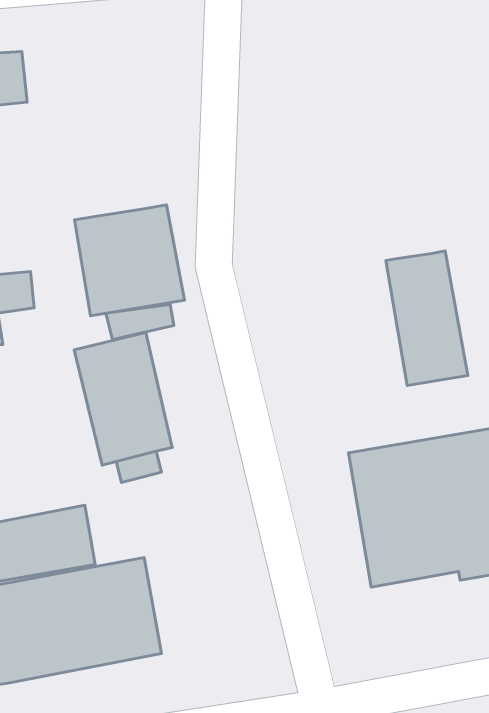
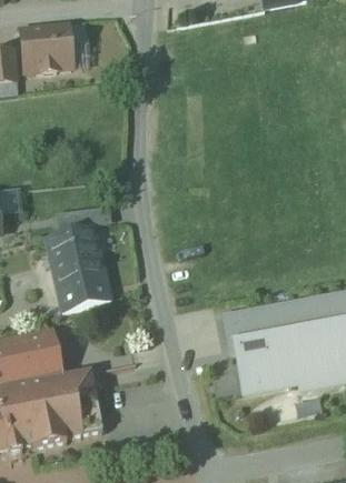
building: none -> [21,24,90,73]
building: [74,205,184,316] -> none
building: [386,251,468,386] -> none

